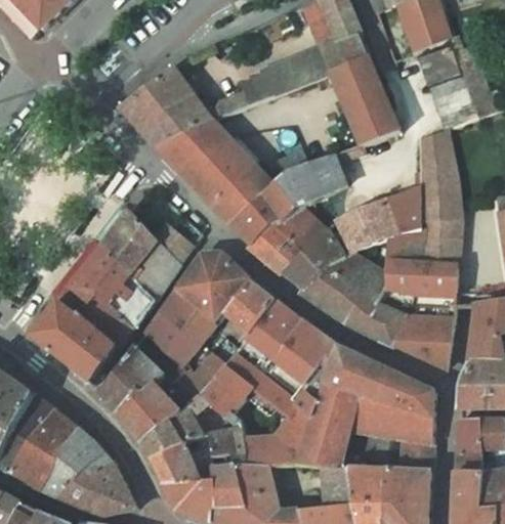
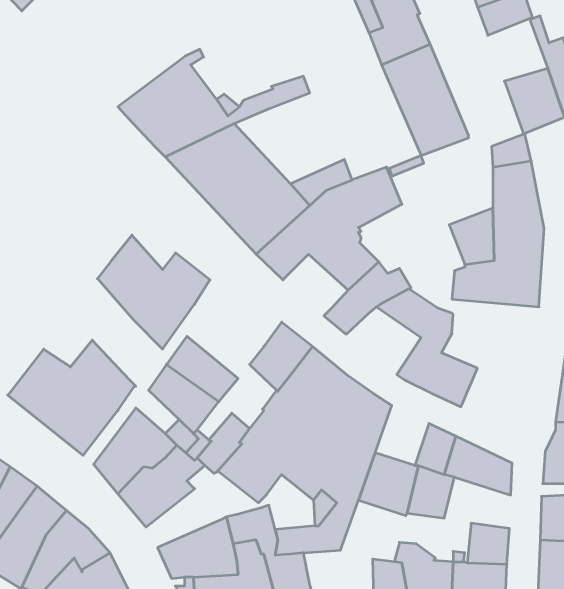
building: [416,45,457,84] -> none
building: [264,47,329,95] -> none
building: [336,201,395,251] -> none
building: [246,224,302,275] -> none
building: [58,244,154,330] -> none
building: [173,252,249,323] -> none
building: [377,260,455,367] -> none
building: [297,266,361,320] -> none
building: [324,345,367,393] -> none
building: [140,398,214,458] -> none
building: [379,402,432,443] -> none
building: [295,421,348,470] -> none

